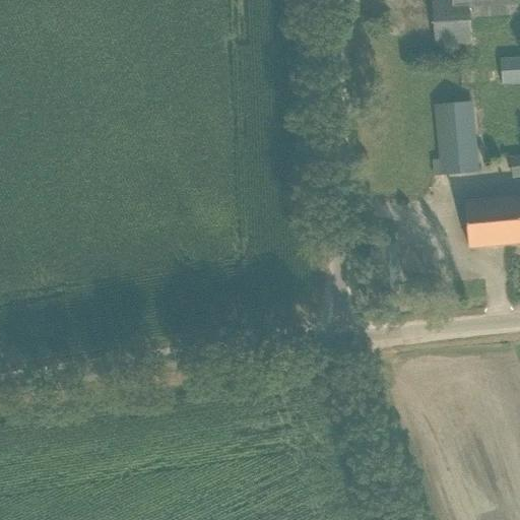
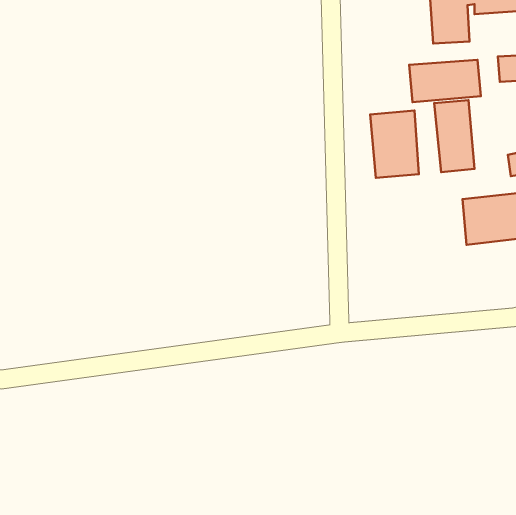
building: none -> [409,60,481,102]
building: none -> [370,111,419,178]

